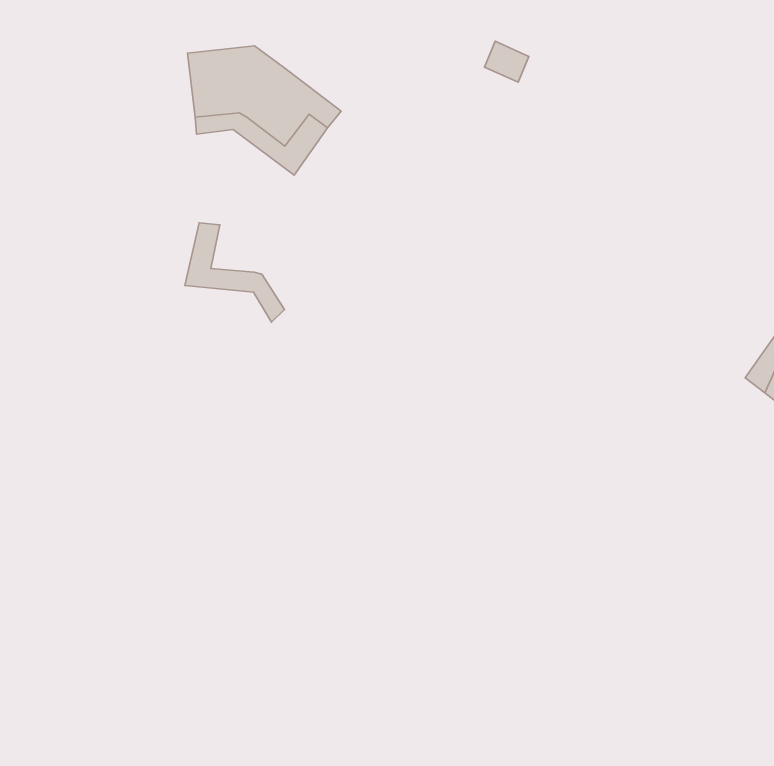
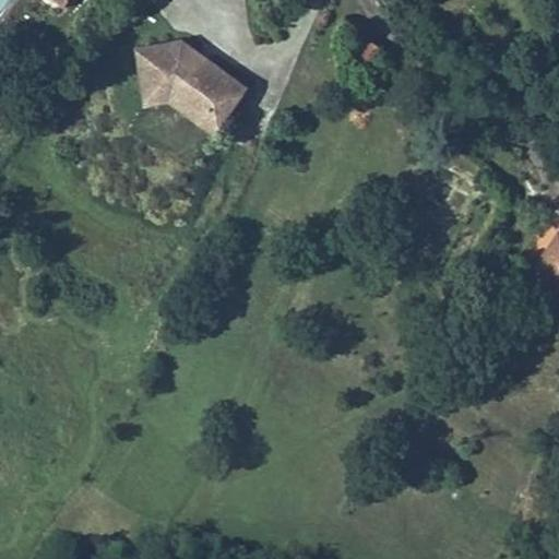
building: [185,223,285,322] -> none

